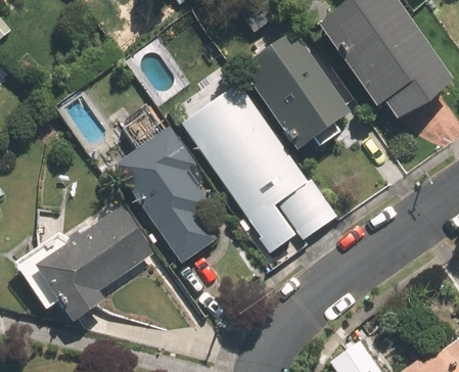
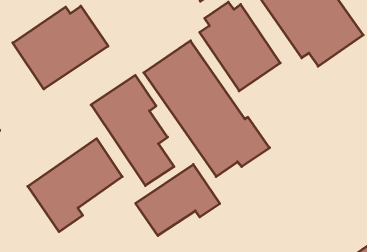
building: none -> [13,6,108,89]
building: none -> [136,164,220,236]

